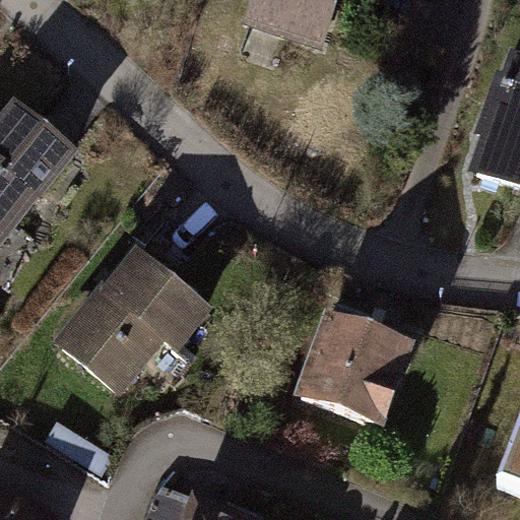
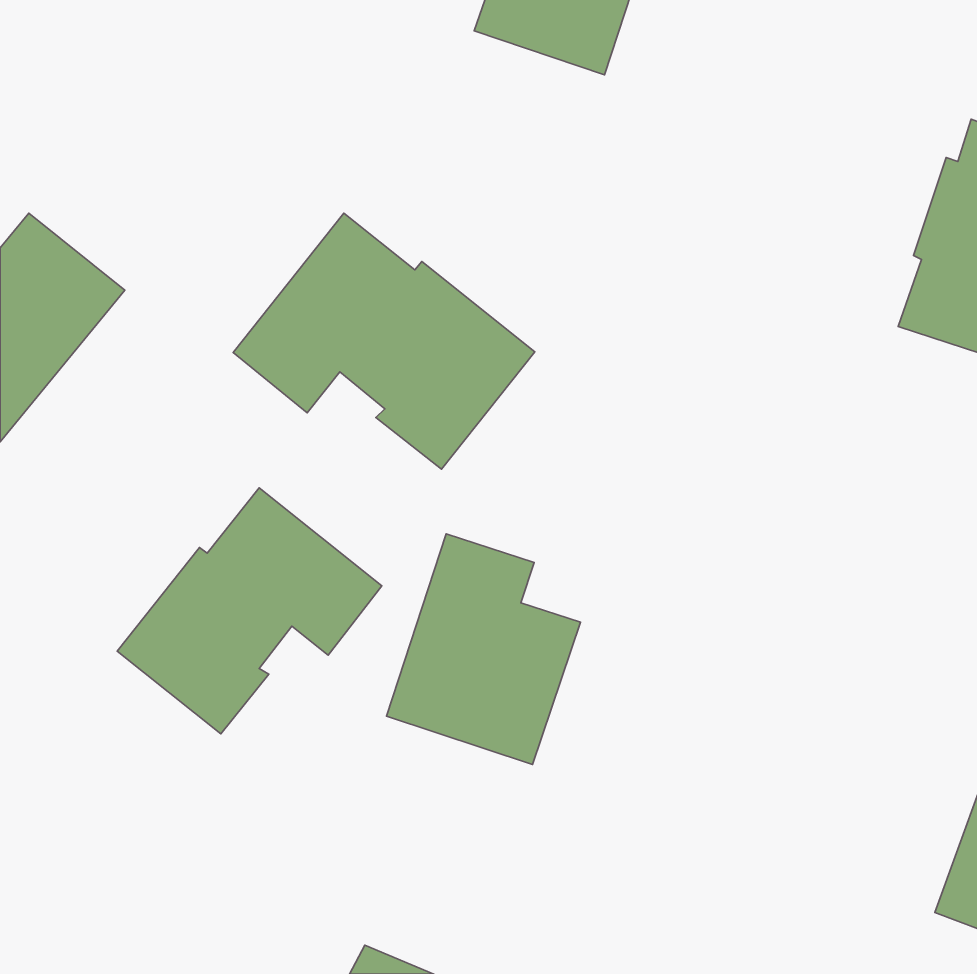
building: none -> [233,213,535,469]
building: [304,302,406,424] -> [387,534,580,764]

